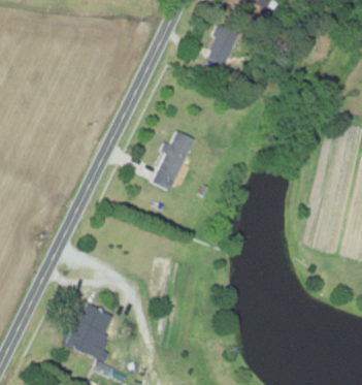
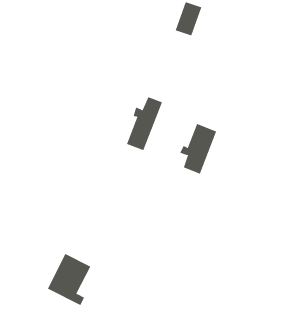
building: none -> [180,123,217,174]

